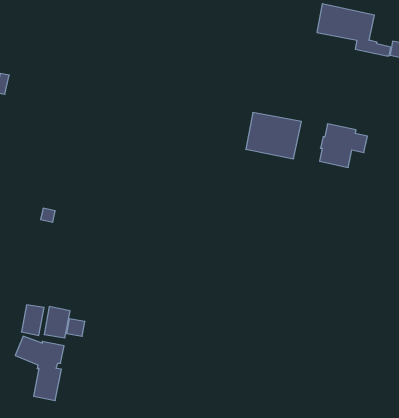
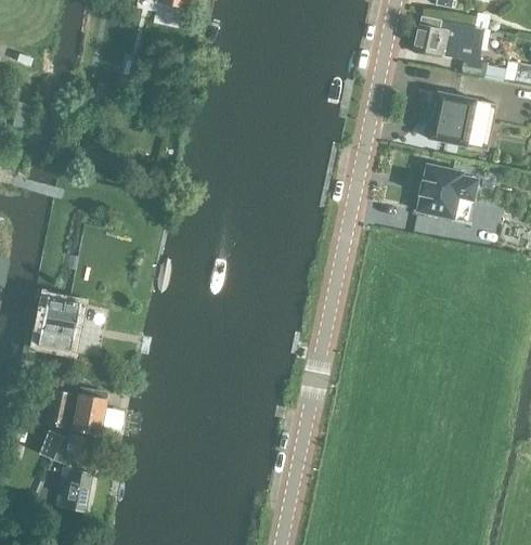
building: [246,113,301,159] -> [427,92,496,150]
building: none -> [37,295,79,349]

